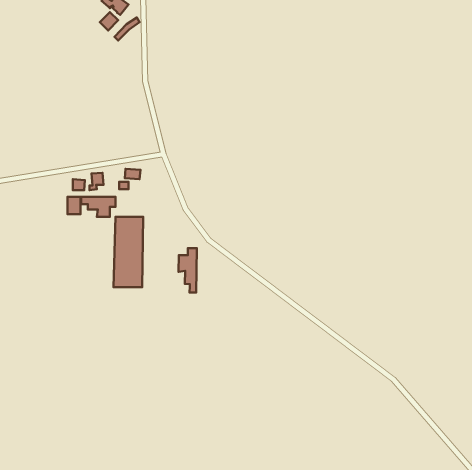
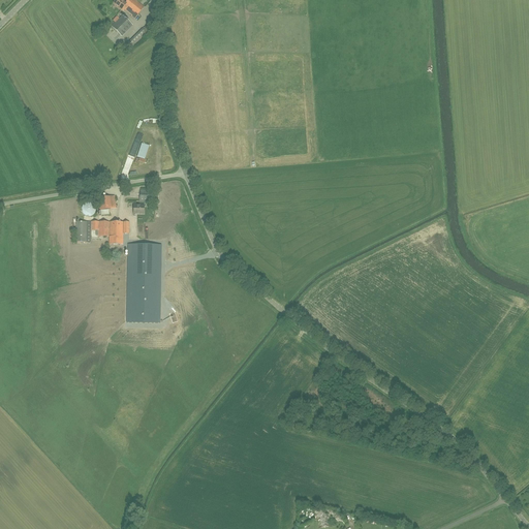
building: [178,248,197,293] -> none

